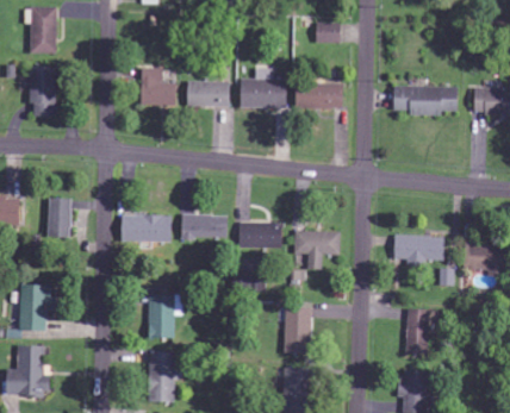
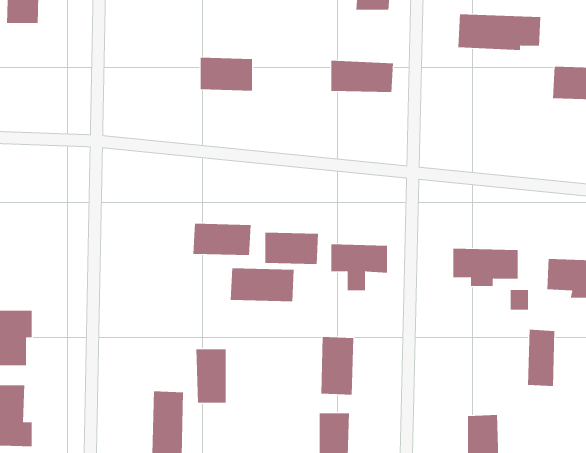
building: [30,67,57,117] -> none
building: [141,68,178,105] -> none
building: [240,68,287,107] -> none
building: [393,85,461,114] -> [458,14,541,50]
building: [48,198,70,237] -> none
building: [122,214,174,242] -> [230,268,295,302]
building: [148,294,173,338] -> [196,349,226,403]
building: [406,308,429,355] -> [527,329,555,387]

